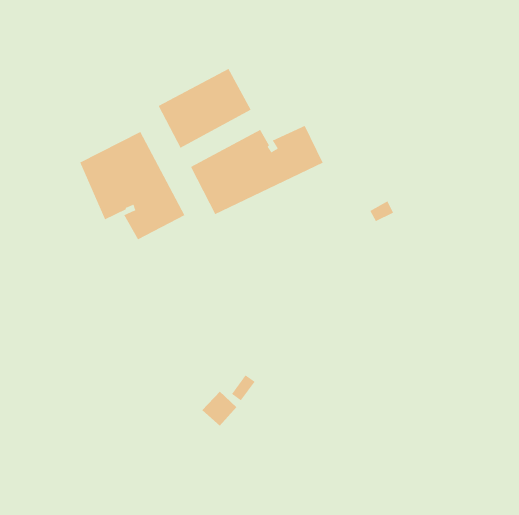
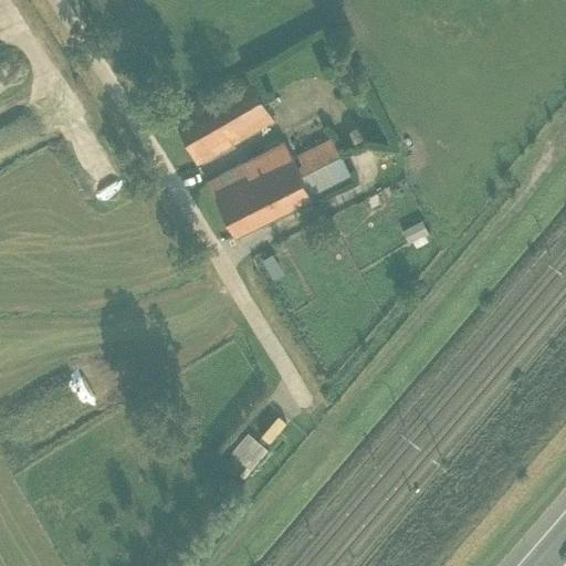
building: [80,131,185,240] -> none

